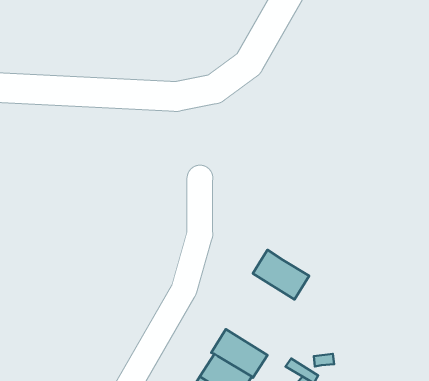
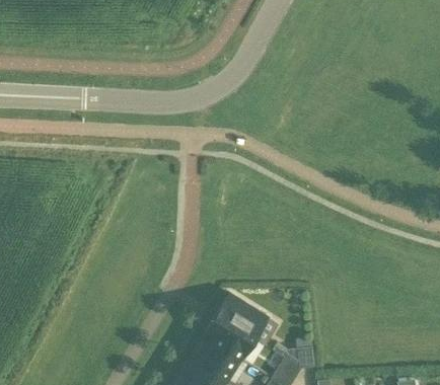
building: [253,250,309,300] -> [219,295,270,339]

